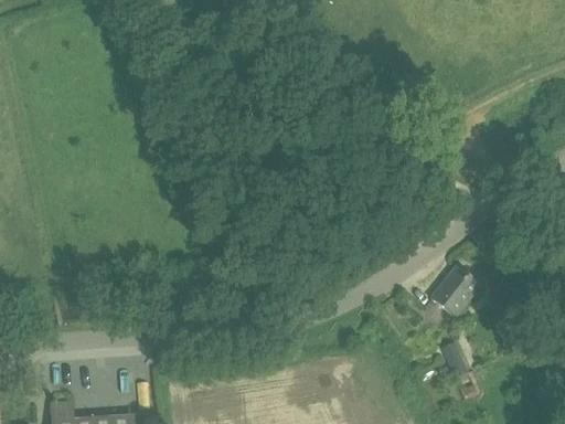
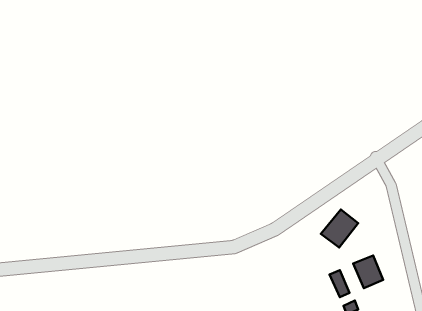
building: none -> [353,255,383,288]

